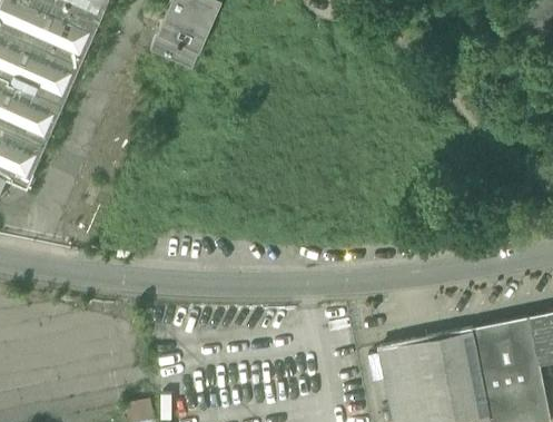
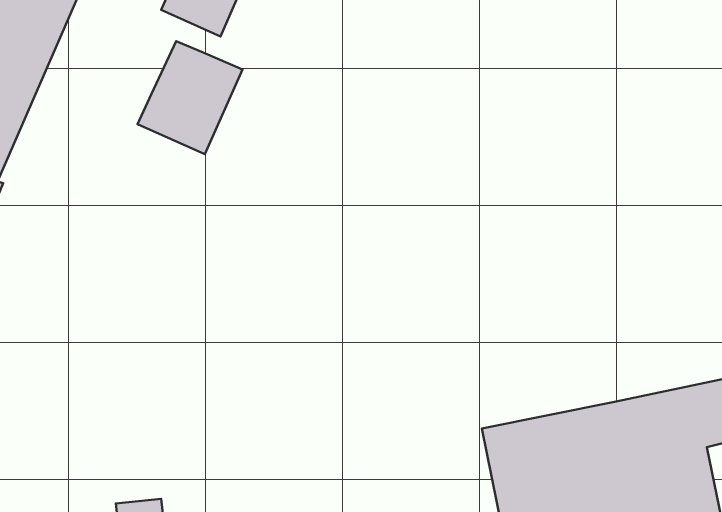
building: none -> [137,41,242,154]

